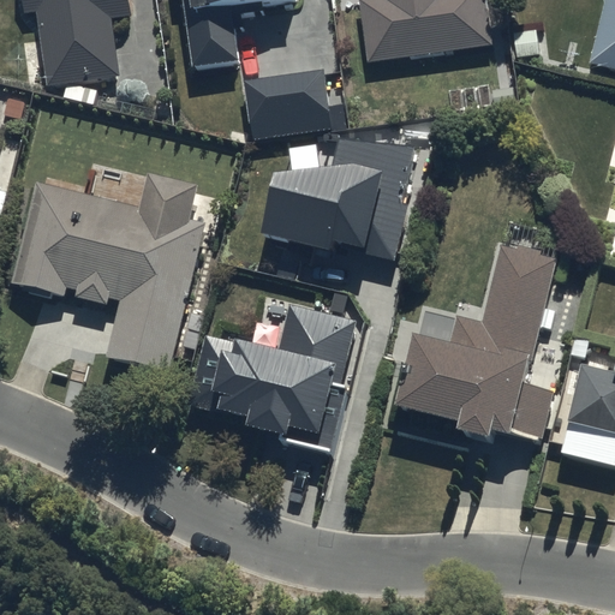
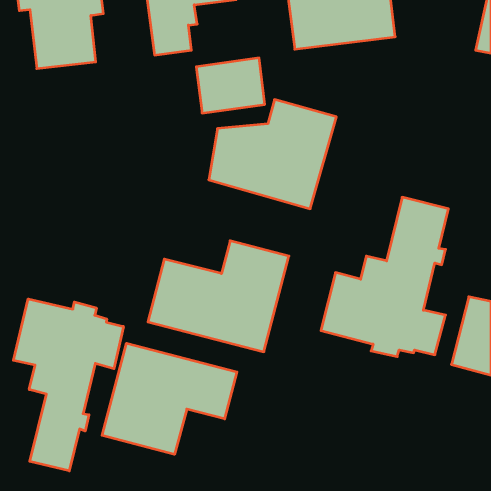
building: [12,175,204,375] -> none
building: none -> [13,299,123,471]
building: none -> [102,343,237,454]

